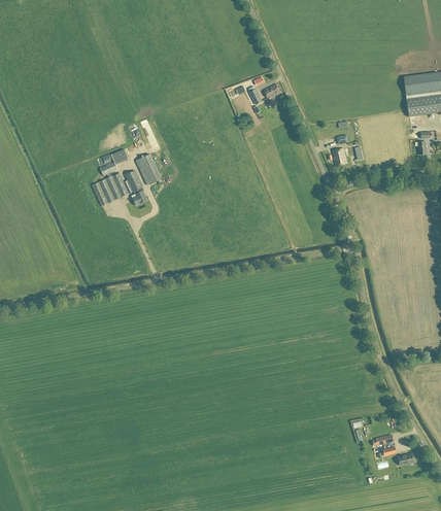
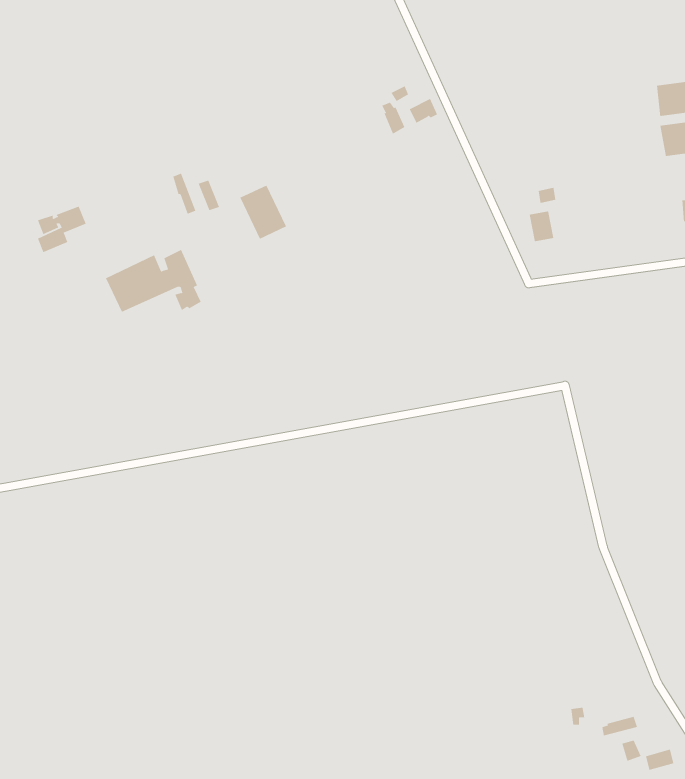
building: [100,148,128,175] -> [37,206,86,253]
building: [135,154,162,184] -> [240,185,287,239]

